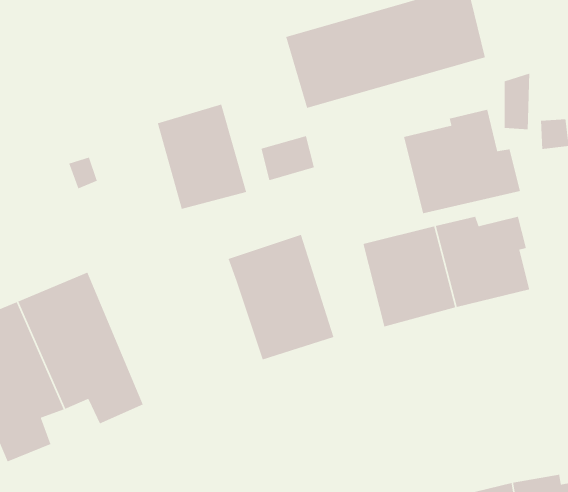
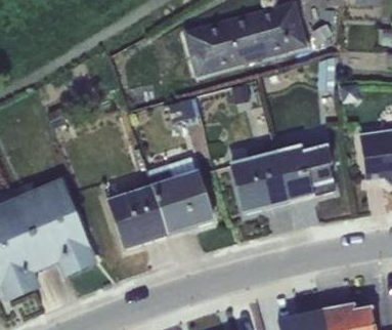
building: [157,104,247,210] -> none
building: [403,109,521,214] -> none
building: none -> [108,184,168,248]

